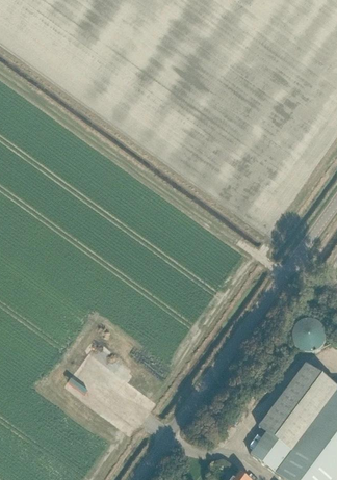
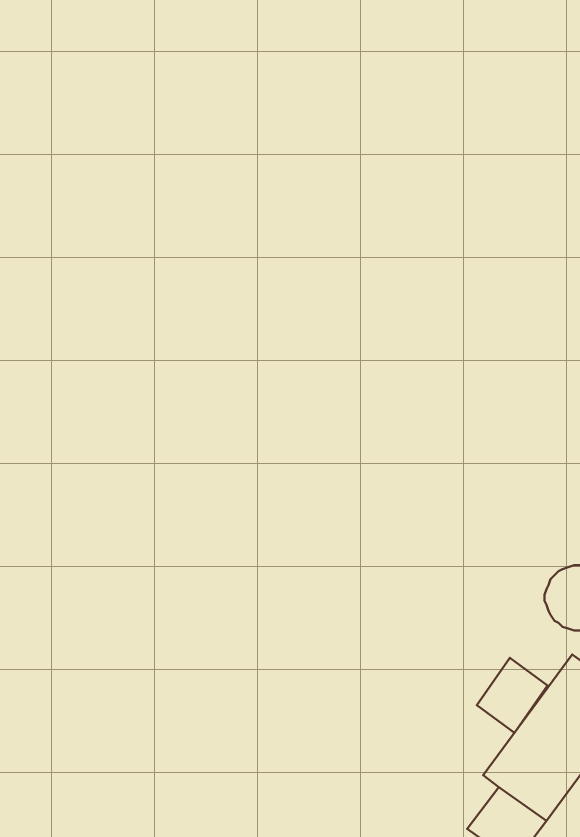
building: none -> [477,658,547,733]

